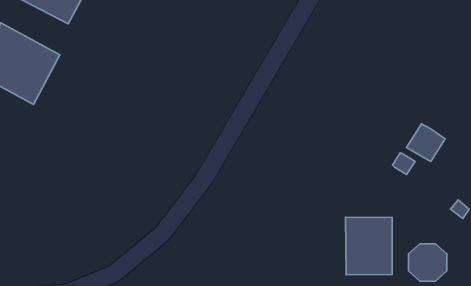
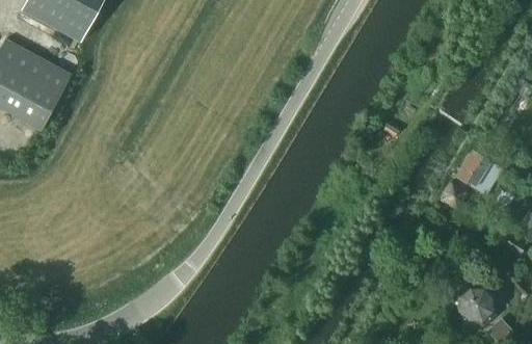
building: [346,217,392,275] -> none

